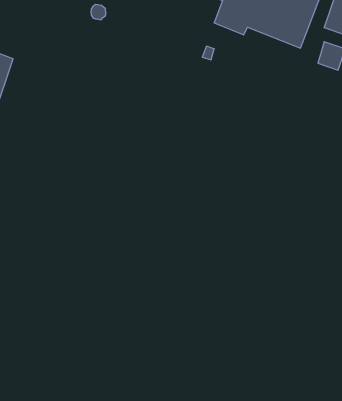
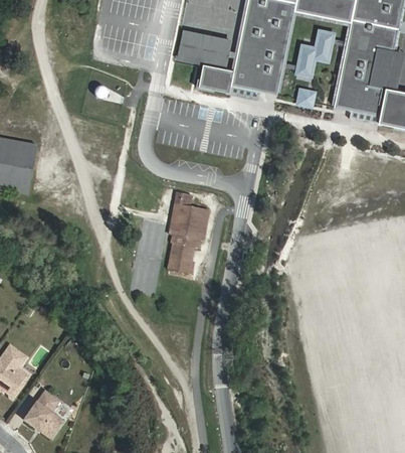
building: none -> [171,190,212,270]

